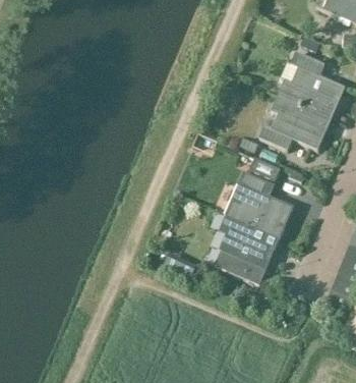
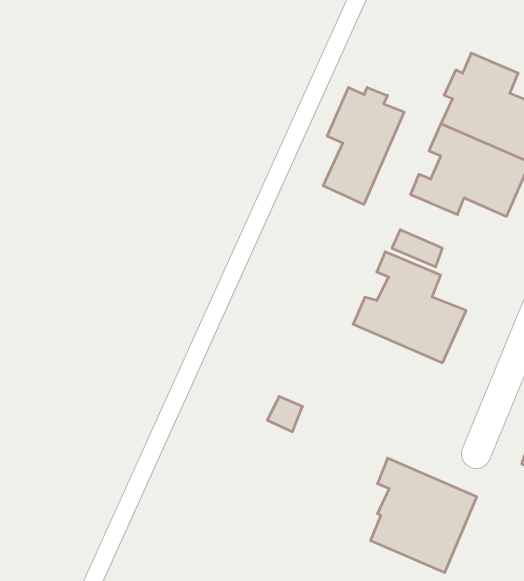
building: none -> [323,87,404,204]
building: [215,215,279,284] -> [371,458,477,573]

